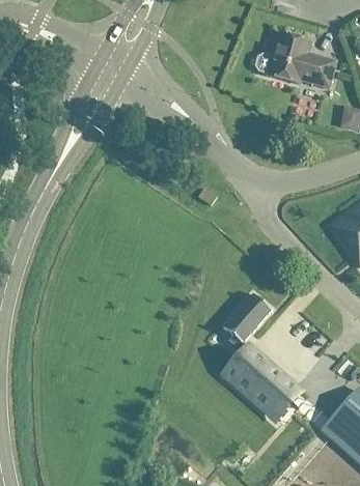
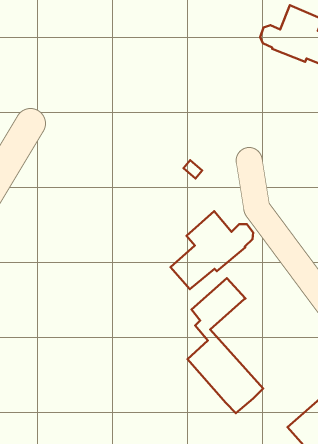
building: none -> [171,211,253,289]

